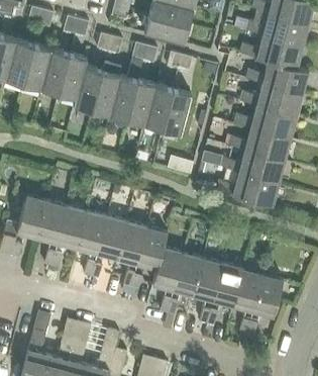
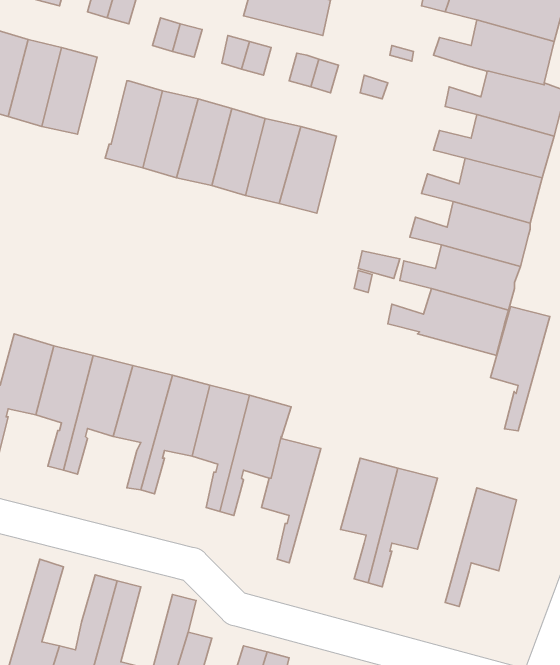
building: [59,54,87,98] -> none
building: [167,254,203,314] -> none
building: [232,269,262,333] -> [491,306,550,431]

